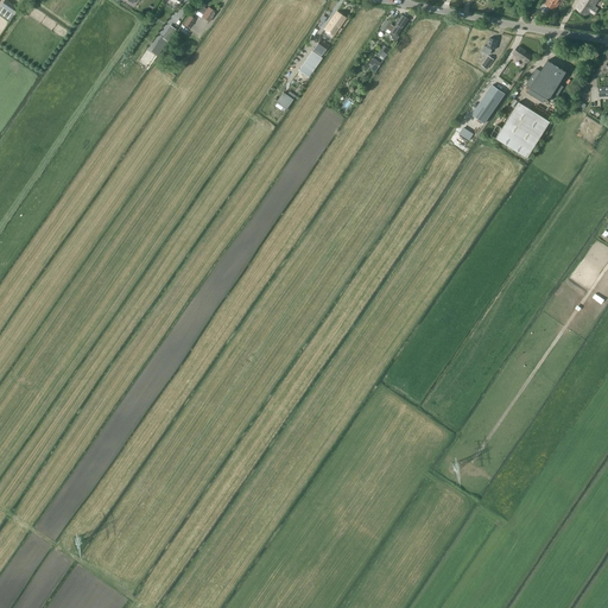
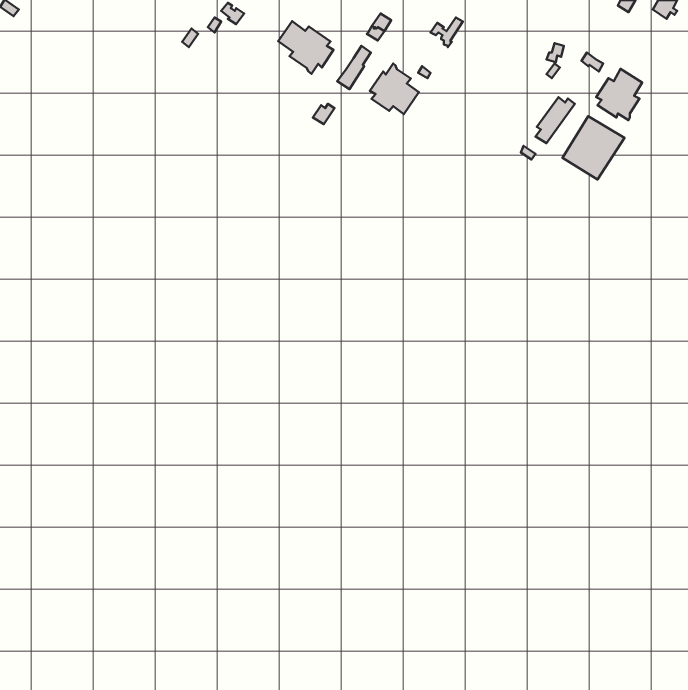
building: none -> [278,21,334,74]
building: none -> [370,64,419,114]

